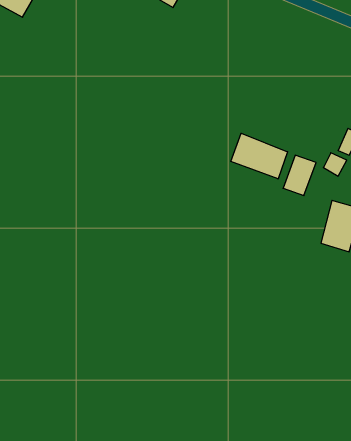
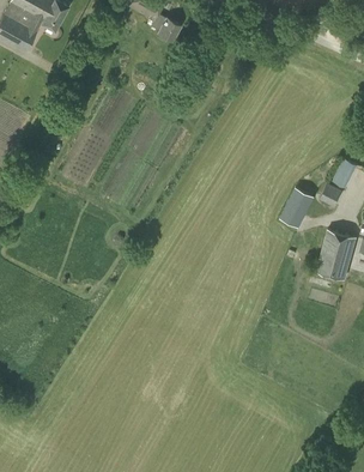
building: [231,133,288,179] -> none

